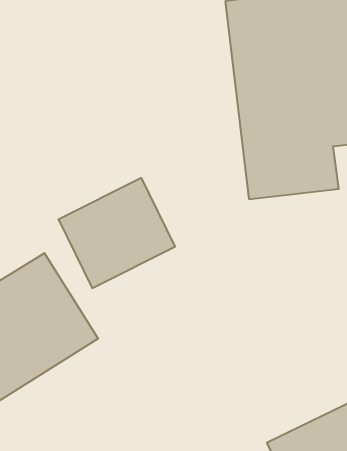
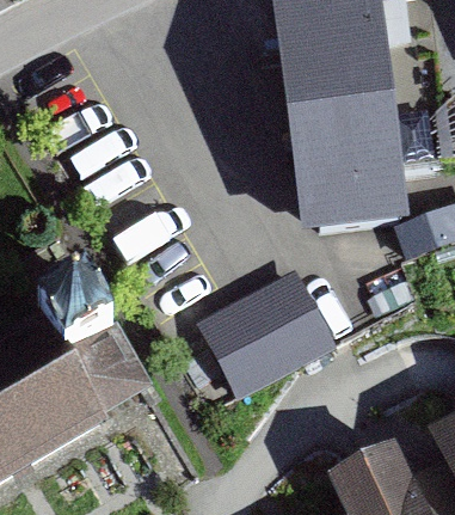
building: [58,178,175,288] -> [203,272,327,390]

